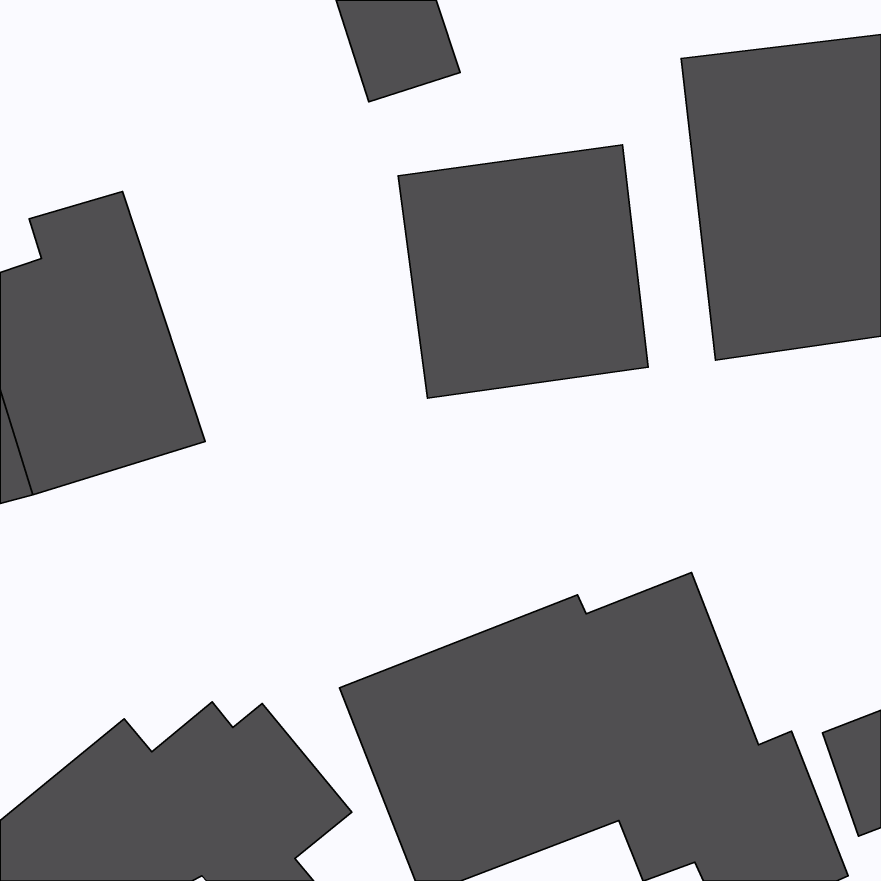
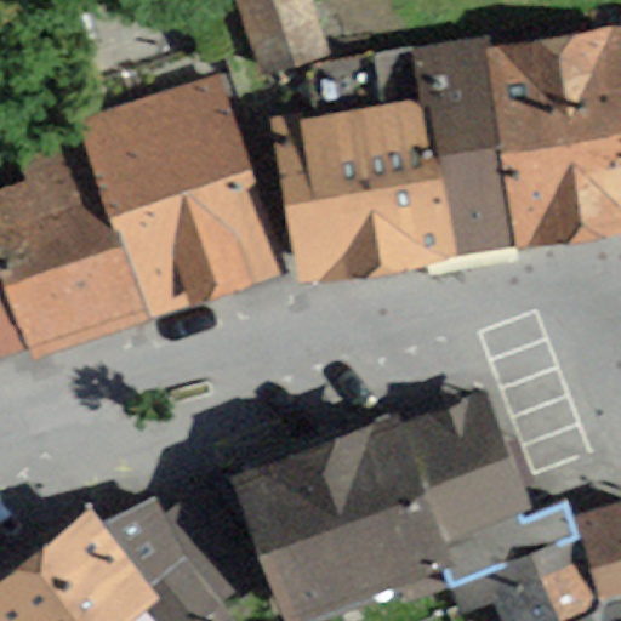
building: none -> [431,41,503,258]
building: none -> [81,78,277,310]

